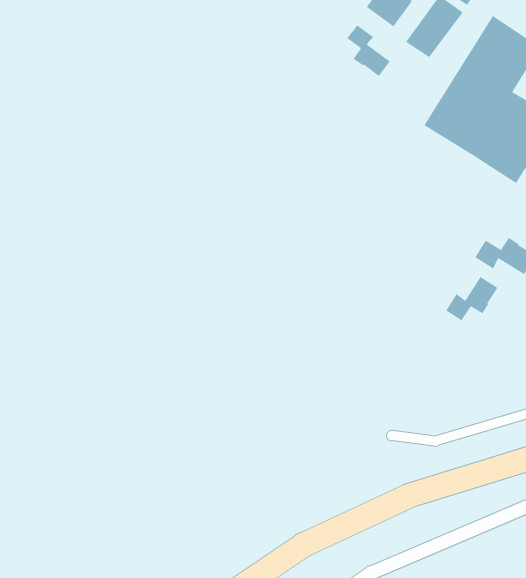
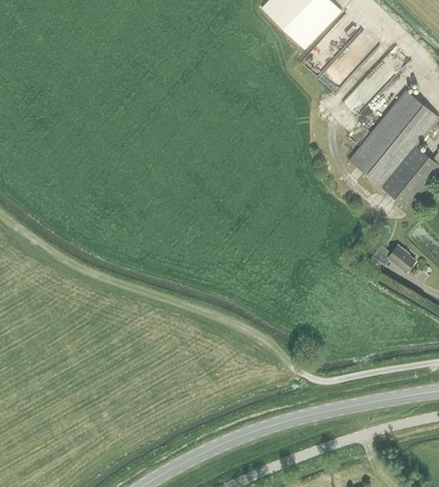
building: [347,24,390,77] -> none
building: [445,276,498,321] -> none

